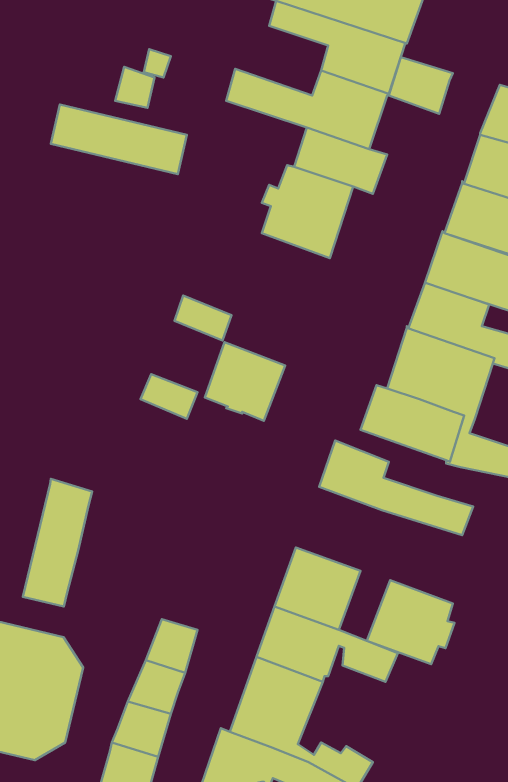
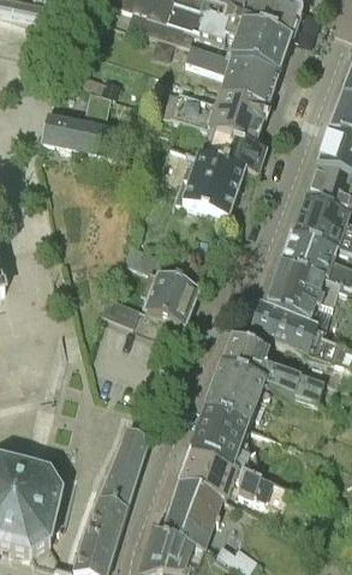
building: [389,57,453,114] -> none
building: [23,479,92,607] -> none
building: none -> [115,425,148,463]
building: [367,580,454,664] -> [205,367,264,424]

